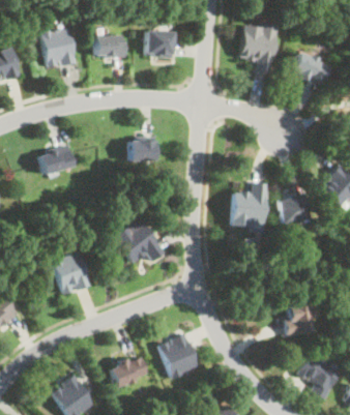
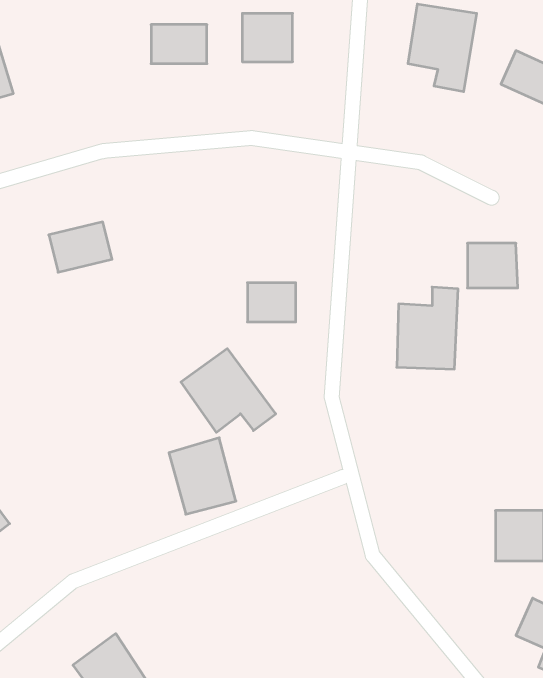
building: [40,27,77,69] -> none
building: [129,140,156,161] -> [247,283,296,322]
building: [281,198,309,223] -> [467,243,518,288]
building: [53,251,90,294] -> [169,438,236,514]
building: [158,334,199,378] -> none
building: [109,354,149,389] -> none

